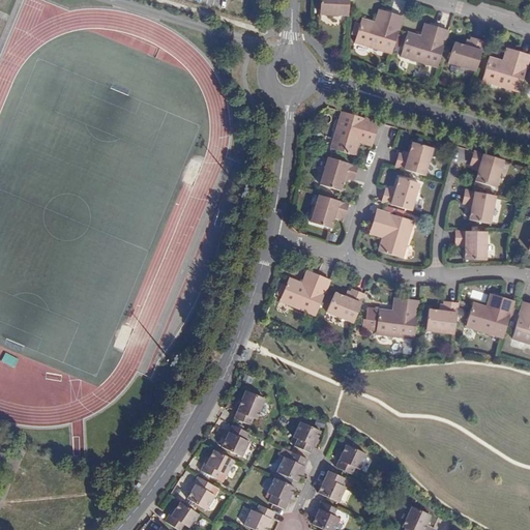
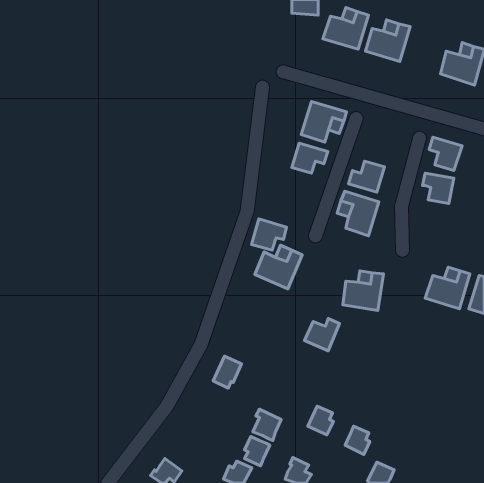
building: [447,35,484,71] -> none
building: [394,140,434,175] -> none
building: [310,194,348,228] -> [251,219,286,250]
building: [455,230,487,259] -> none
building: [326,288,364,323] -> [305,319,340,351]
building: [425,300,458,333] -> none
building: [294,421,321,452] -> none
building: [222,424,248,455] -> none
building: [200,449,234,478] -> none
building: [319,470,346,501] -> [345,426,370,455]
building: [183,475,217,504] -> none

